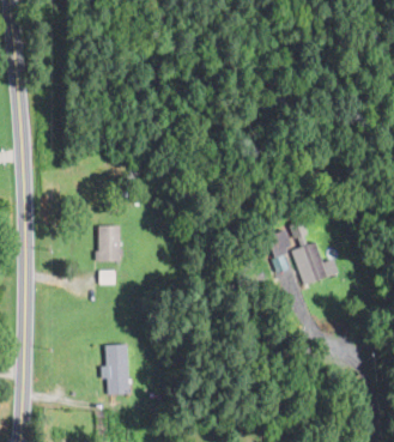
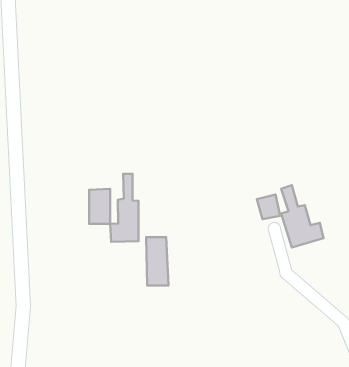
building: none -> [110,174,139,242]
building: [105,345,128,394] -> [146,237,168,285]

